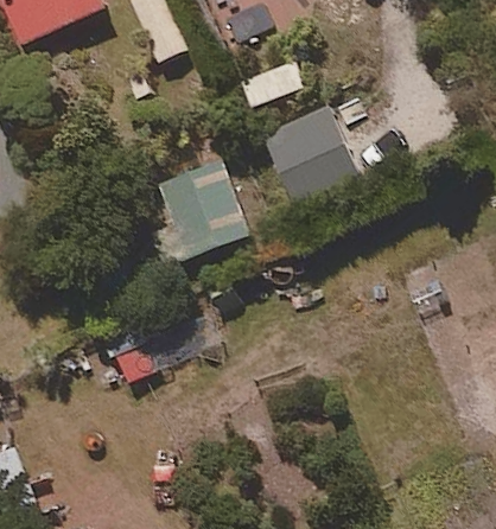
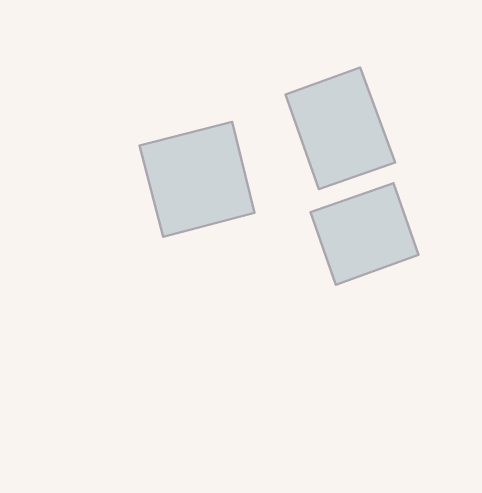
building: none -> [310,183,418,285]

